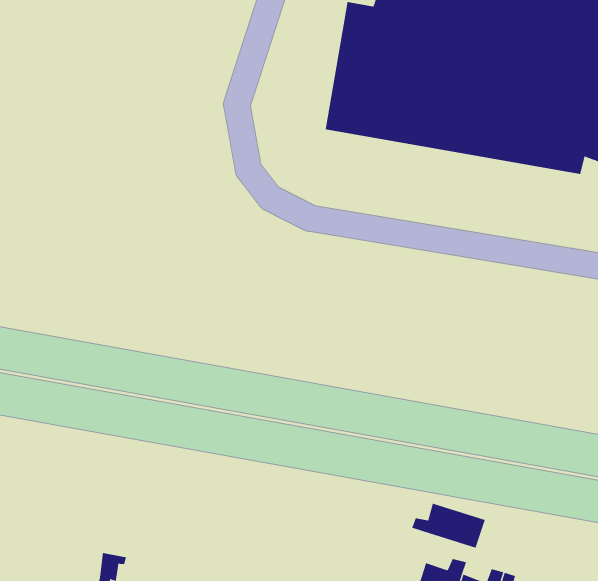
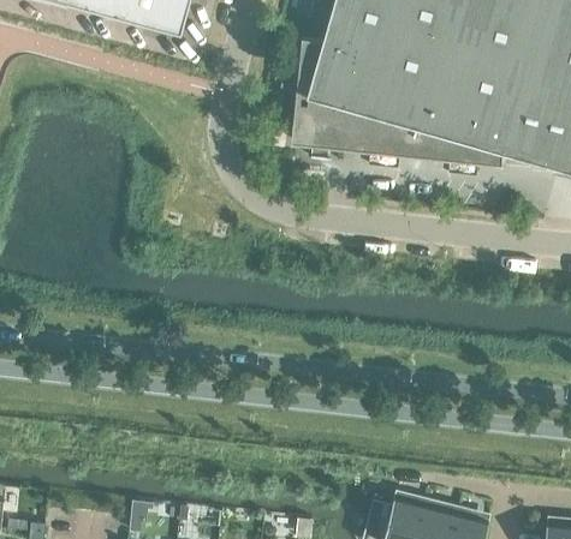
building: [412,503,485,548] -> none

